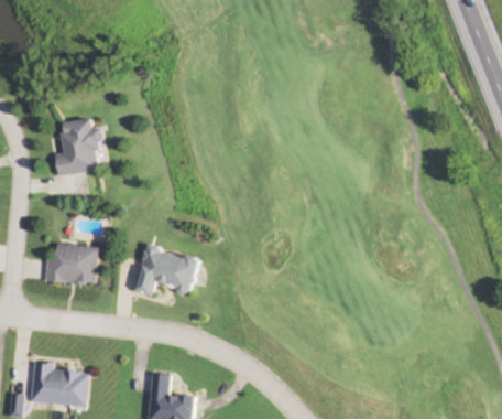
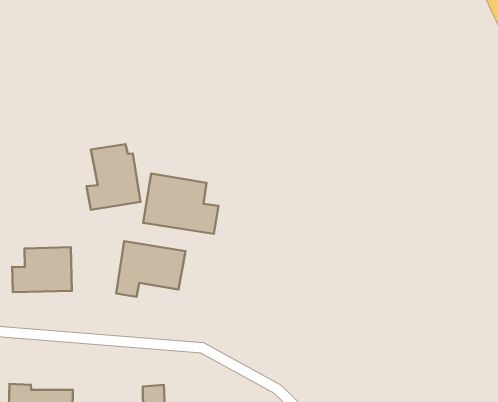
building: [55,119,101,174] -> [86,144,141,210]
building: none -> [143,174,218,234]

